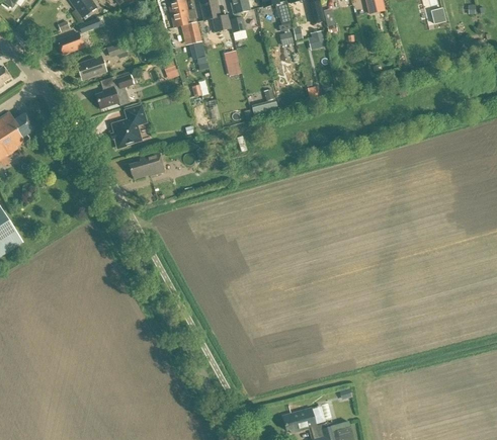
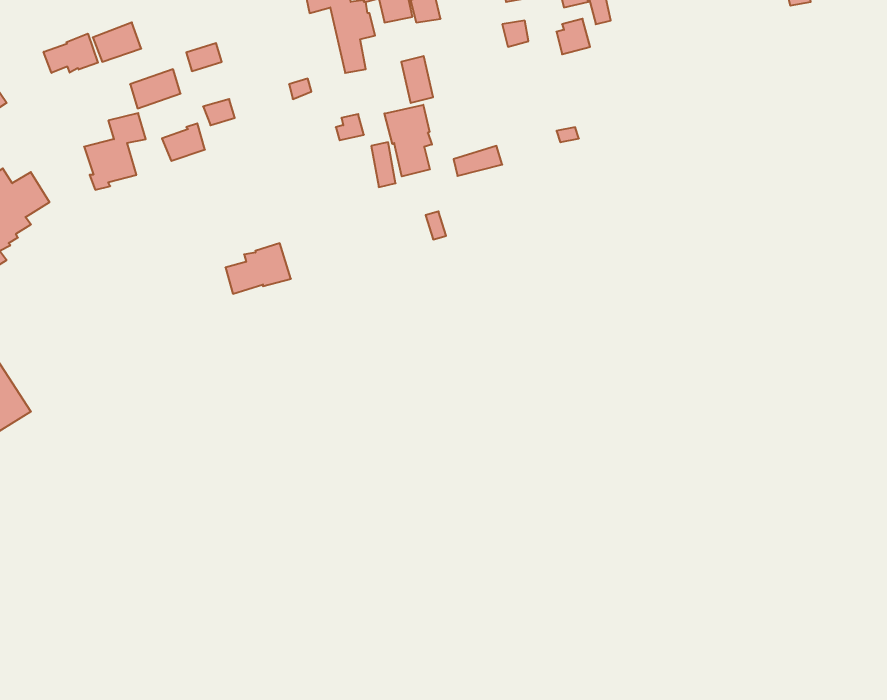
building: none -> [44,34,98,73]
building: none -> [384,105,432,176]
building: [111,106,145,148] -> [84,113,146,190]

